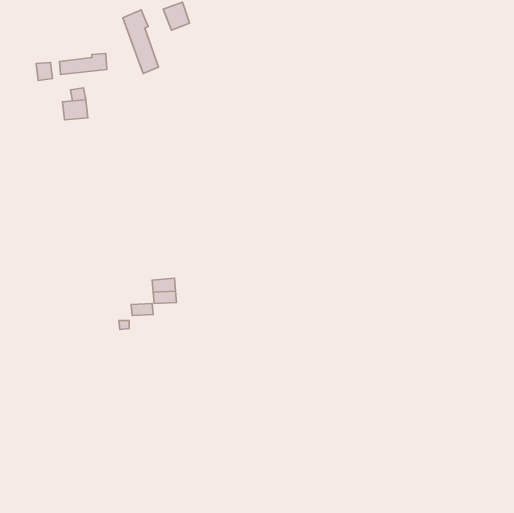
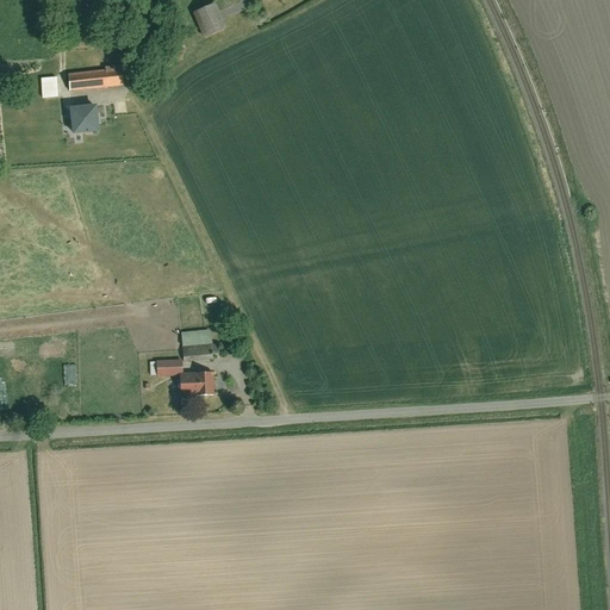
building: [123,10,158,73] -> none
building: none -> [180,371,213,393]

